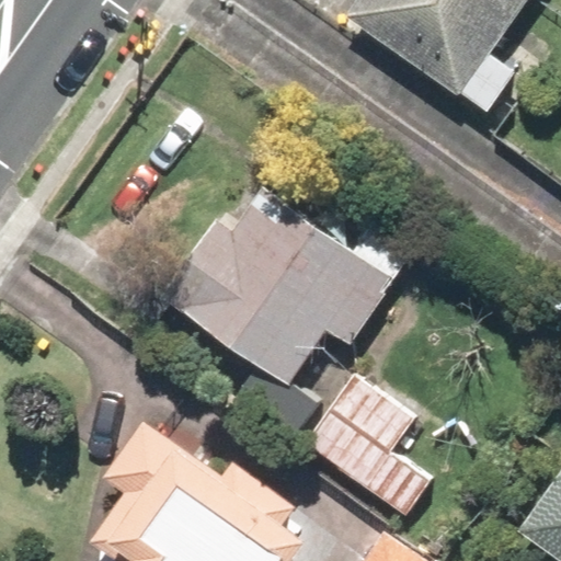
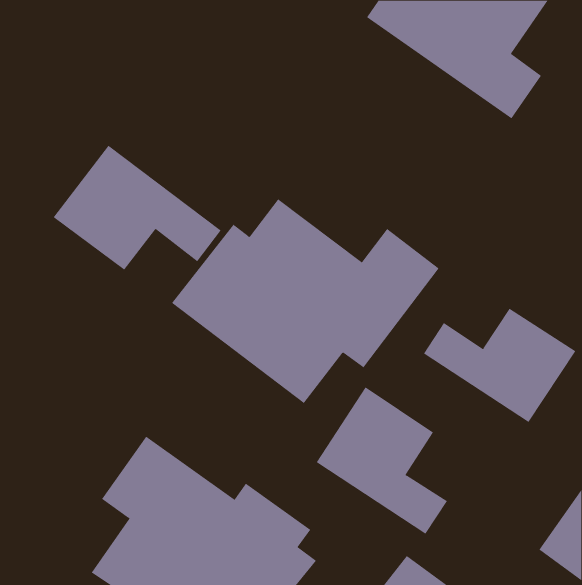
building: none -> [53,145,221,271]
building: none -> [423,308,576,423]

